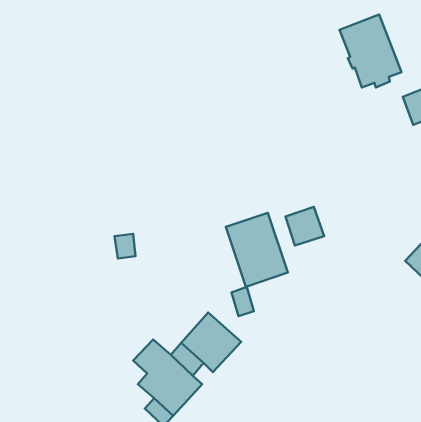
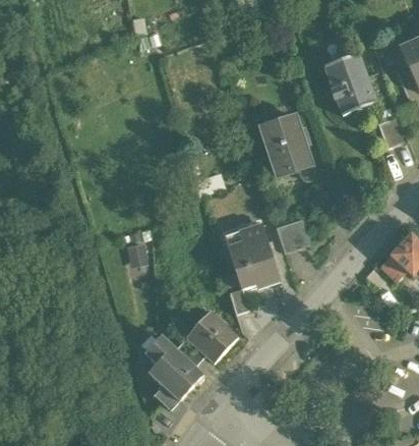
building: none -> [260,114,312,176]

